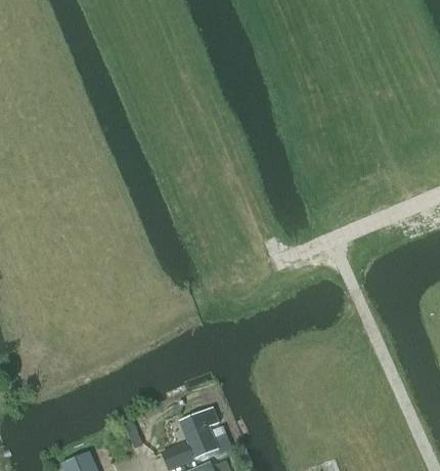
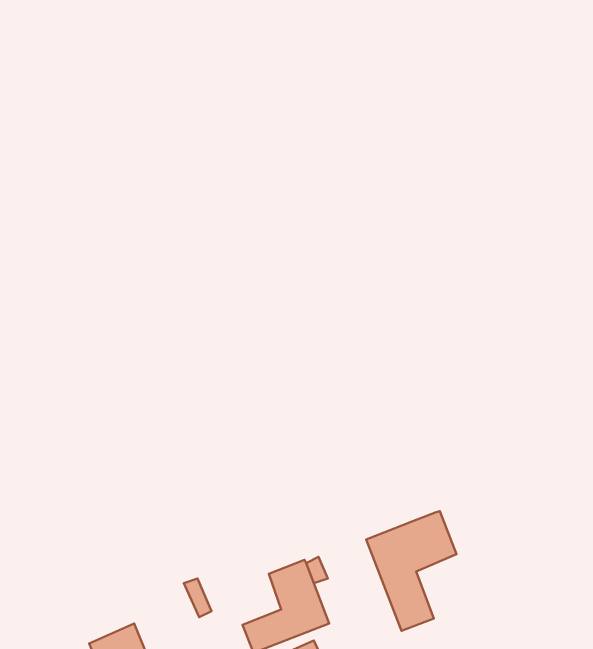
building: none -> [366,511,456,631]

